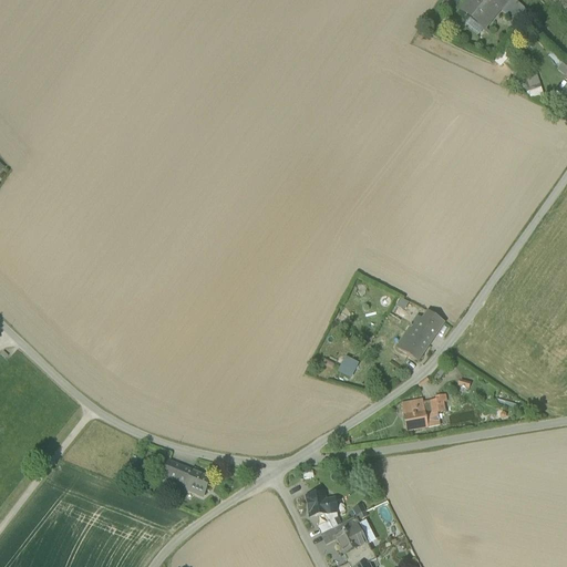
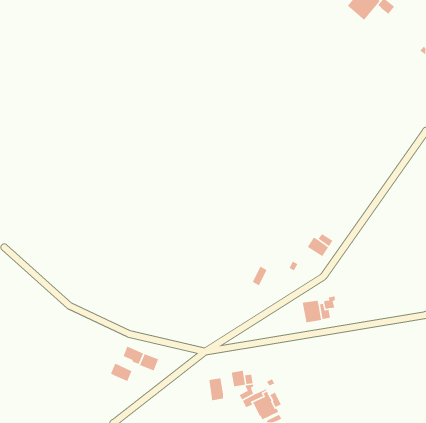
building: [396,329,429,359] -> none
building: none -> [110,362,133,382]
building: none -> [209,378,224,401]

